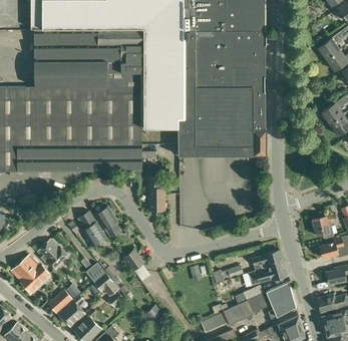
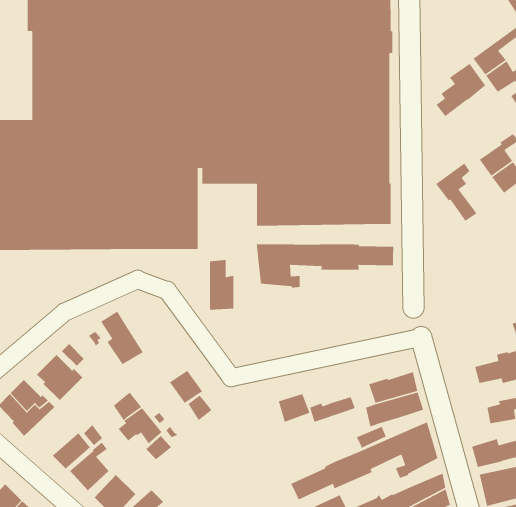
building: none -> [435,63,486,117]
building: none -> [435,163,477,222]
building: none -> [256,244,394,288]
building: [95,207,121,238] -> none
building: [313,215,334,239] -> none

